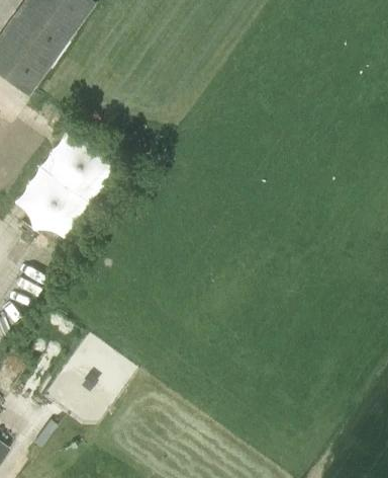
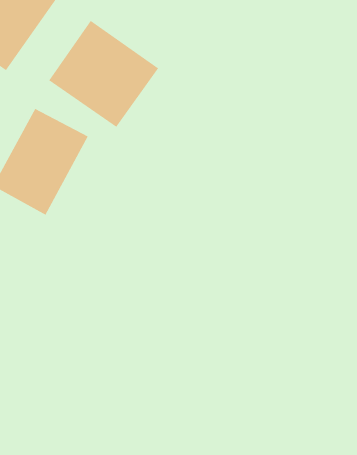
building: none -> [48,20,159,128]

